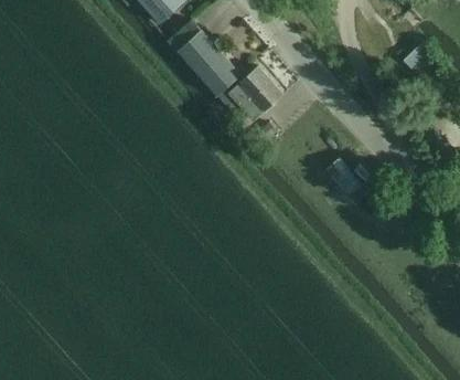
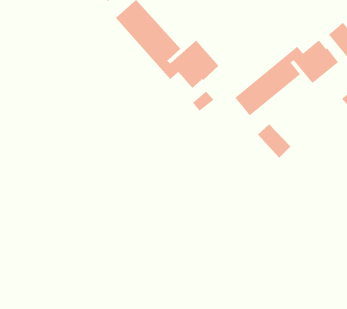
building: none -> [235,39,339,116]

